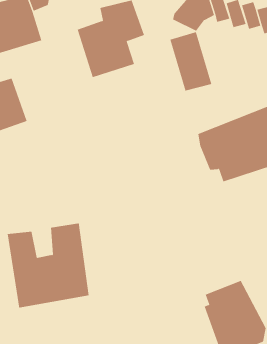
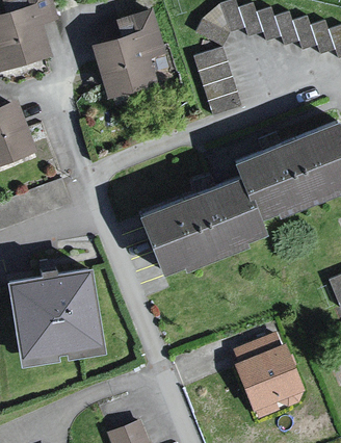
building: none -> [133,179,262,277]

